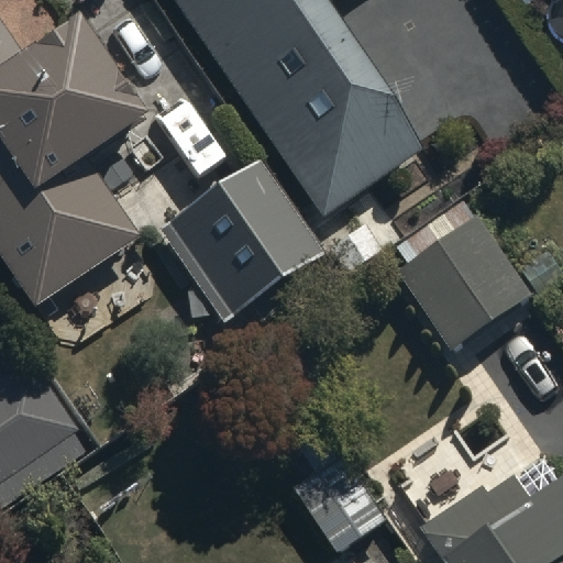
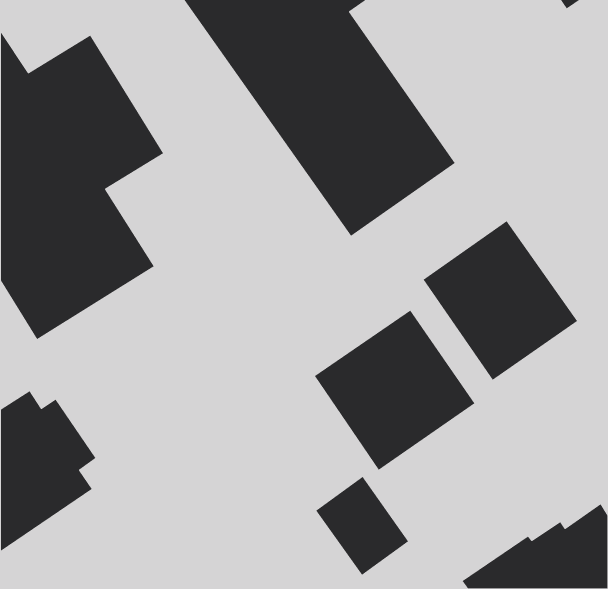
building: [162,162,323,324] -> none
building: none -> [314,310,476,471]

